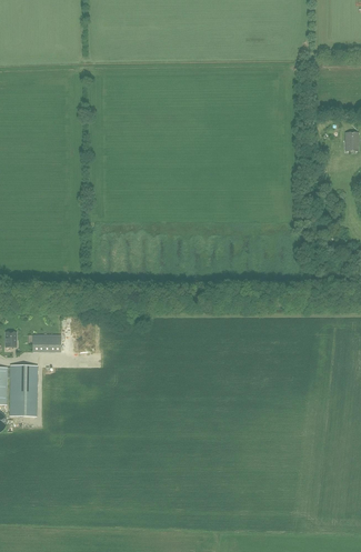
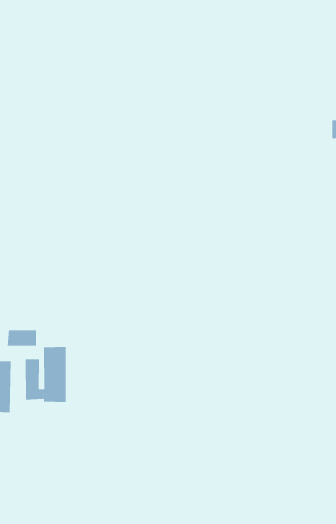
building: none -> [25,346,66,403]

